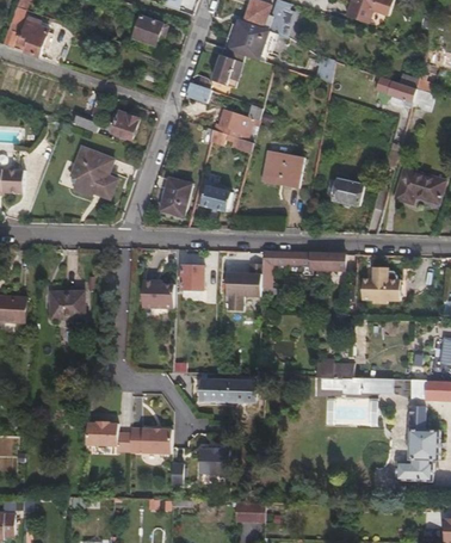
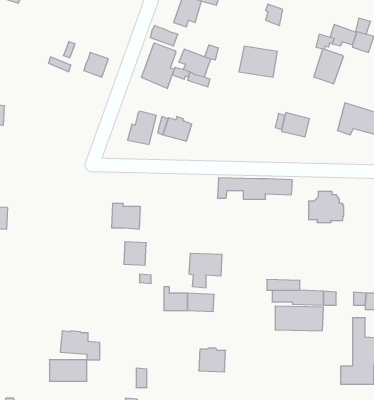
building: none -> [142,43,176,89]
building: none -> [314,49,343,84]
building: [68,147,116,198] -> none
building: [261,150,304,185] -> [239,46,277,77]
building: [181,264,206,290] -> [124,242,146,265]
building: [228,272,265,310] -> [189,253,222,288]
building: [51,290,86,326] -> none
building: [129,430,171,453] -> [49,360,87,381]
building: [200,448,230,474] -> [199,348,226,372]

